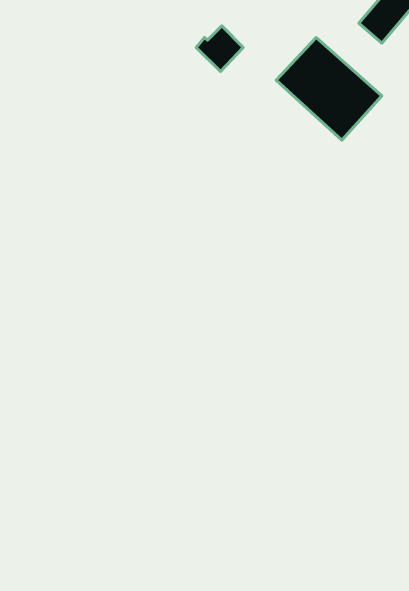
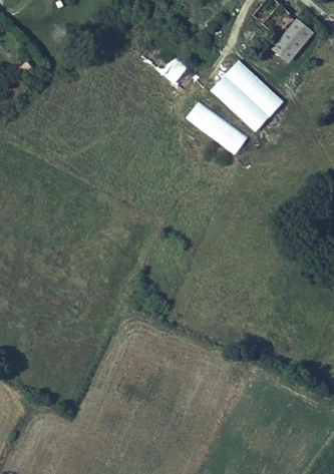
building: none -> [187,102,247,155]

